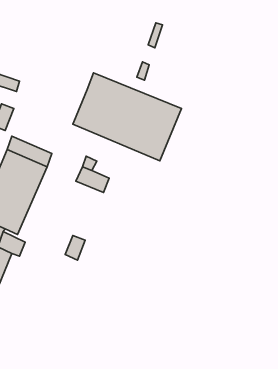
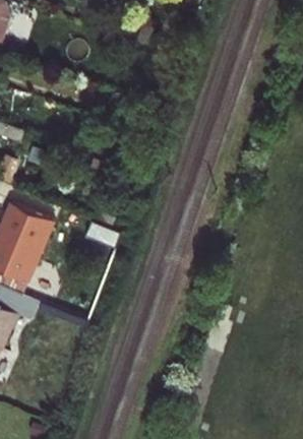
building: [73,73,182,161] -> none

